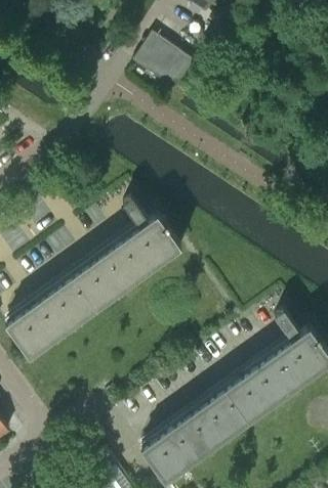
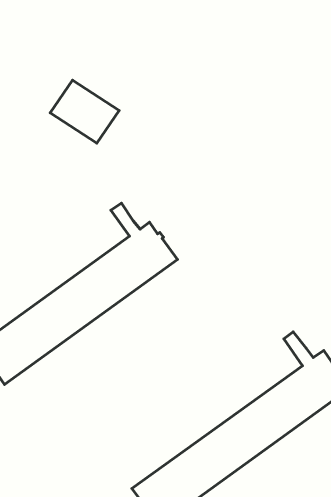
building: [133,34,194,89] -> [50,80,119,143]

